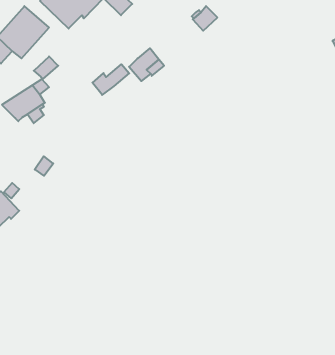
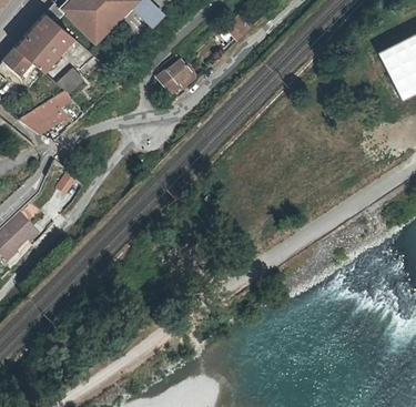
building: [92,64,129,95] -> none

